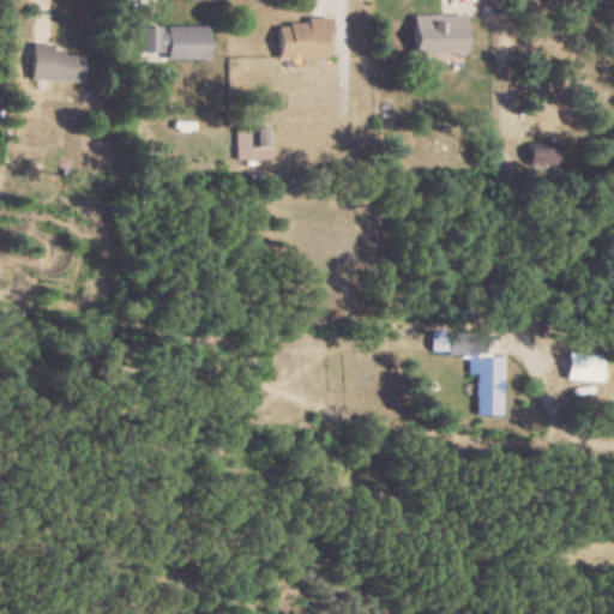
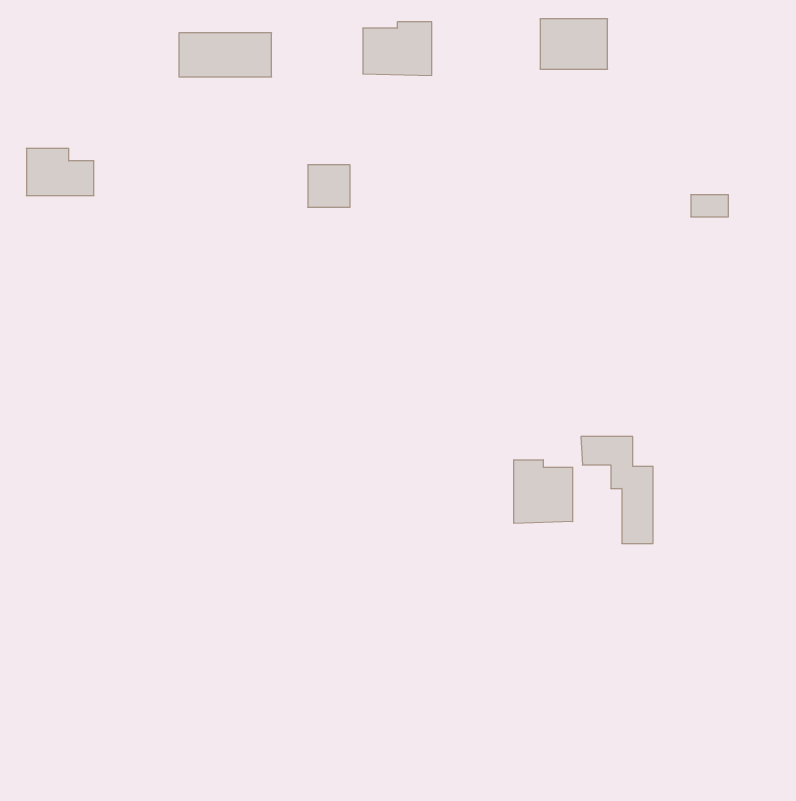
building: [35,46,86,82] -> [26,148,94,196]
building: none -> [514,460,573,523]
building: [568,355,604,383] -> none

